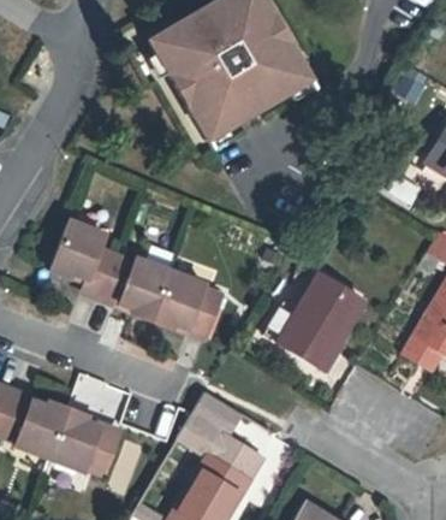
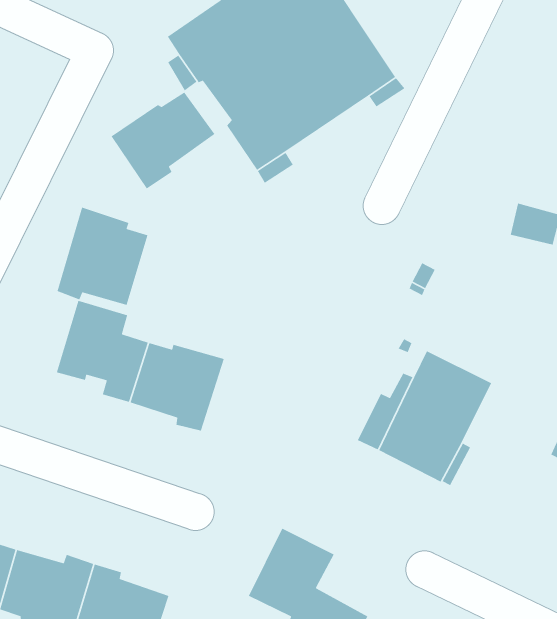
building: none -> [110,91,215,190]
building: none -> [56,206,148,306]
building: [154,268,225,335] -> none

